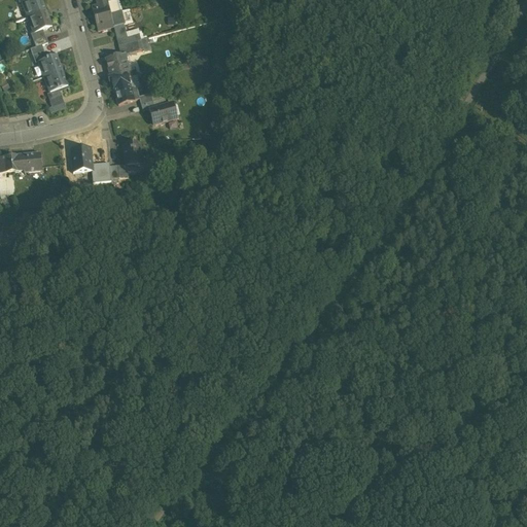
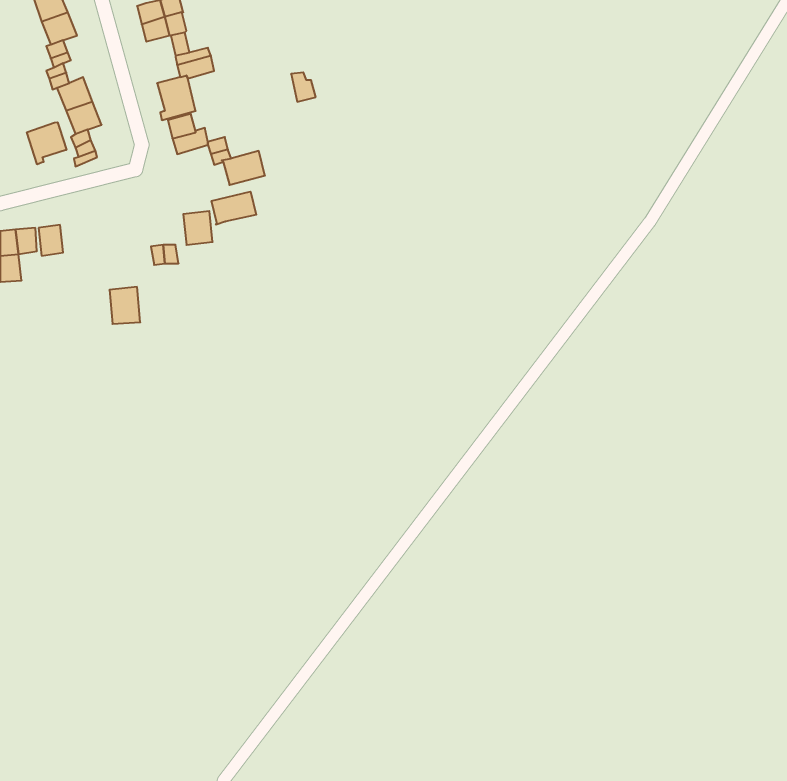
building: none -> [27,122,66,164]
building: none -> [212,192,256,225]
building: [70,145,91,170] -> [109,287,140,324]

